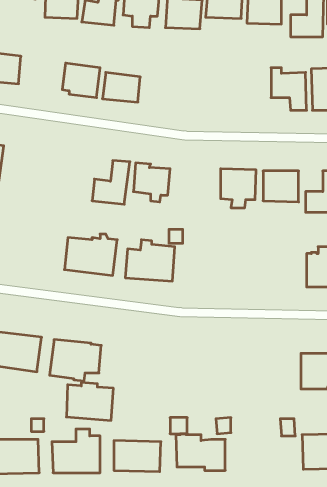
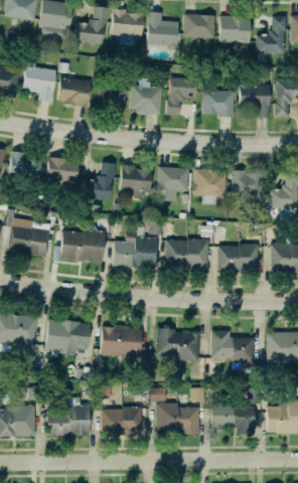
building: none -> [21,60,55,103]
building: none -> [165,71,195,114]
building: none -> [129,77,161,114]
building: none -> [203,90,235,115]
building: none -> [10,154,41,179]
building: none -> [45,157,78,182]
building: none -> [158,167,189,201]
building: none -> [7,217,51,258]
building: none -> [163,237,208,272]
building: none -> [216,243,257,271]
building: none -> [156,326,199,360]
building: none -> [211,330,256,362]
building: [66,383,113,420] -> [101,323,142,356]
building: none -> [211,401,255,432]

